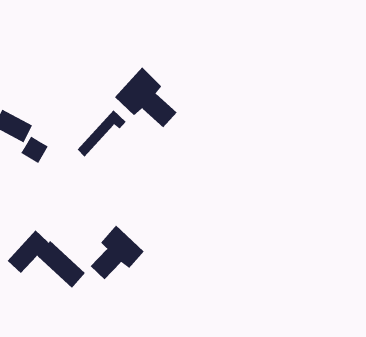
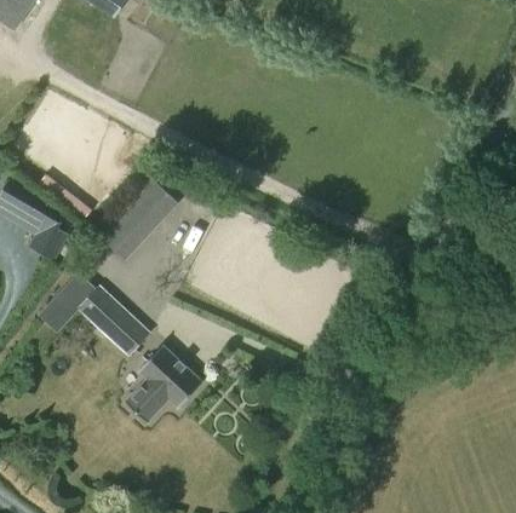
building: [114,67,177,128] -> none
building: [7,230,86,289] -> [39,272,149,355]

